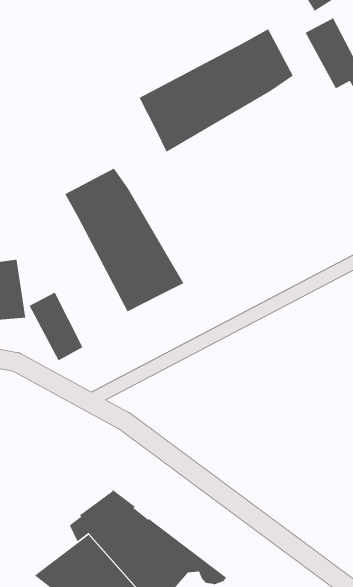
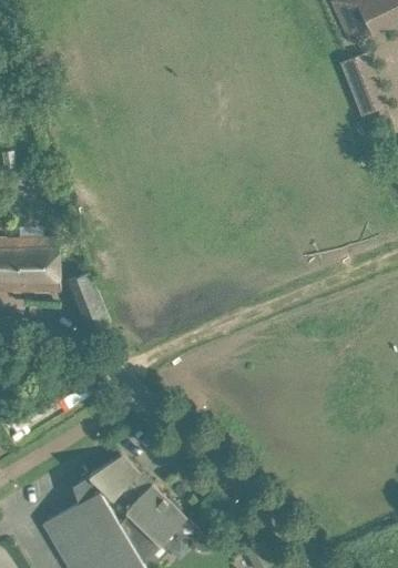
building: [138,28,294,153] -> none
building: [64,167,185,313] -> none

